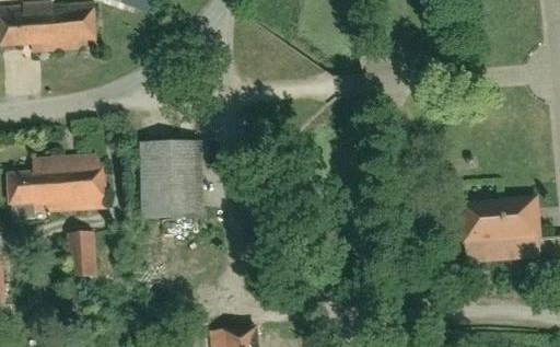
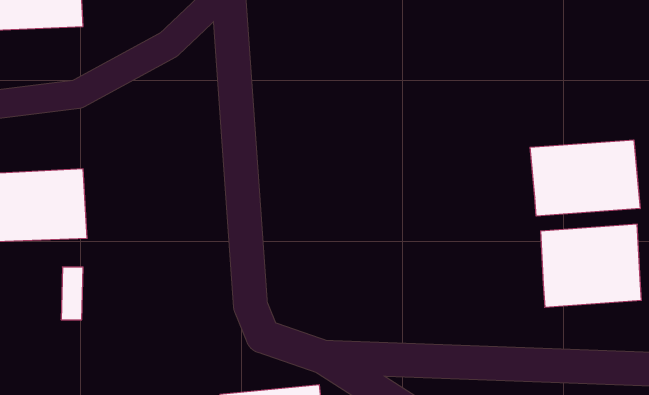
building: none -> [530,140,640,216]
building: [138,141,205,236] -> none

